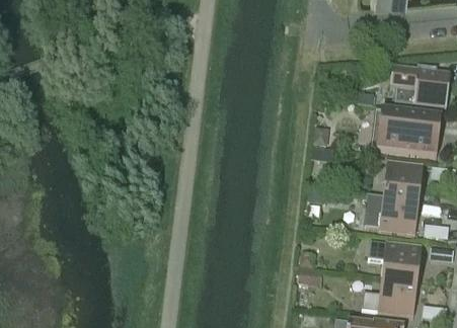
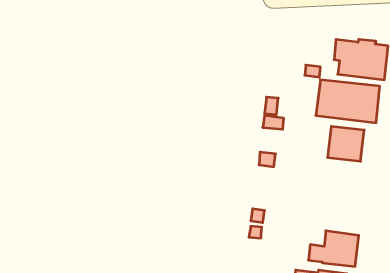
building: [365,193,422,235] -> none
building: [370,241,424,281] -> none

